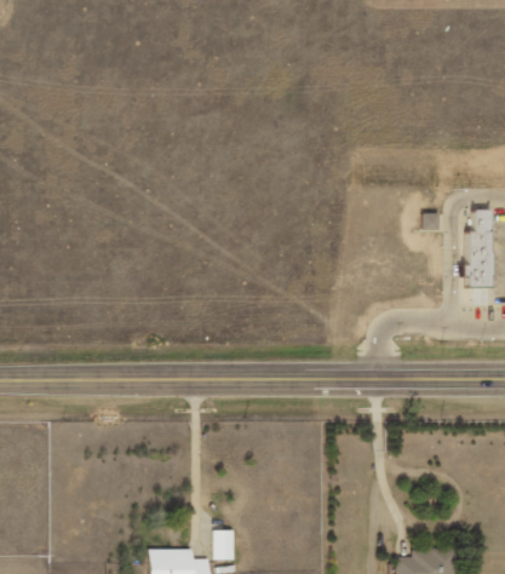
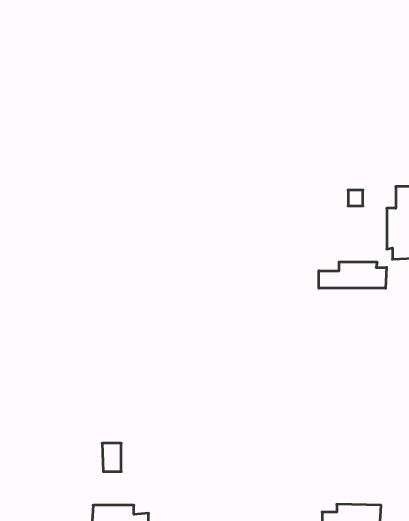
building: none -> [319,262,387,288]
building: [213,530,234,561] -> [102,443,121,472]

